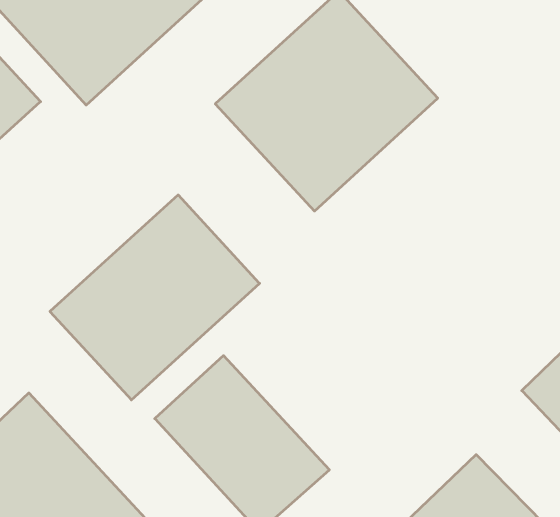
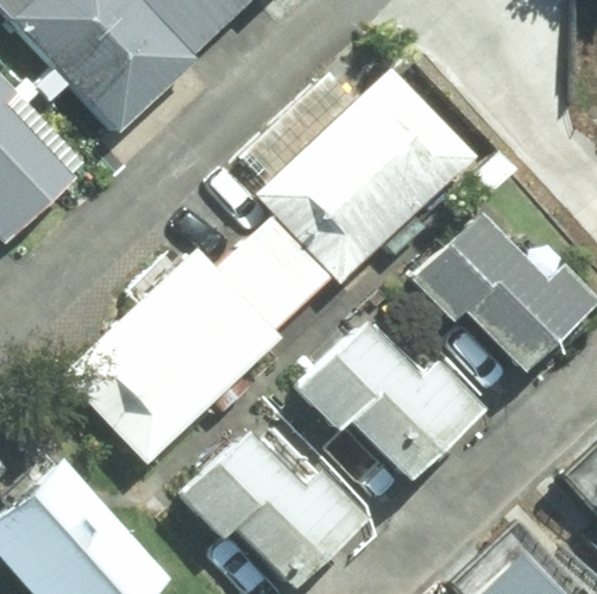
building: none -> [404,215,583,396]
building: none -> [303,304,480,484]

